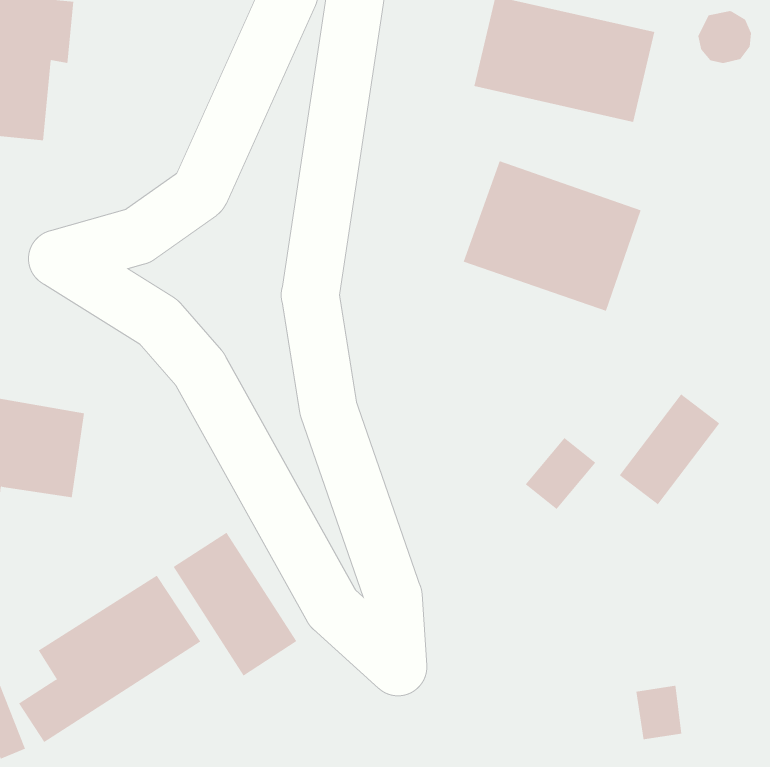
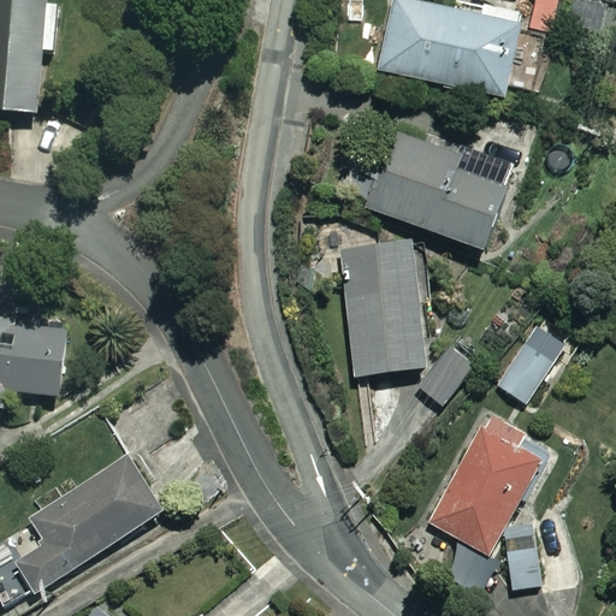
building: none -> [340,238,425,374]
building: none -> [430,416,539,553]
building: [173,532,297,676] -> none

